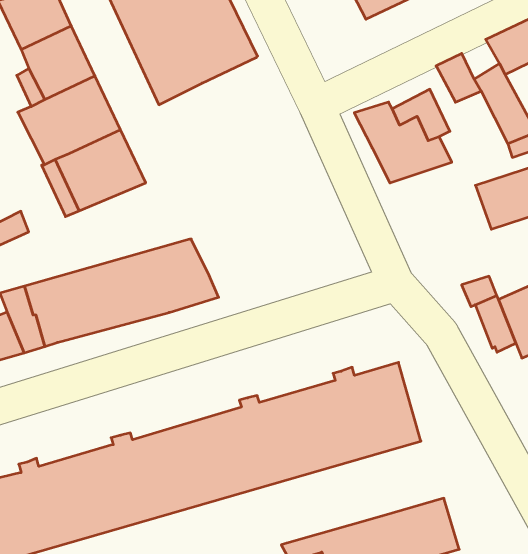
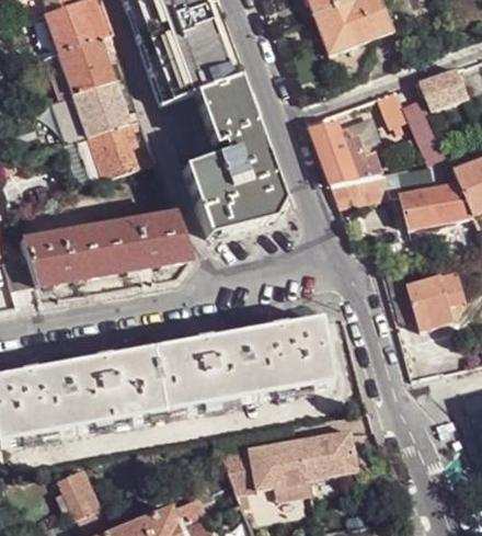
building: none -> [183,75,282,233]
building: none -> [333,170,390,204]

